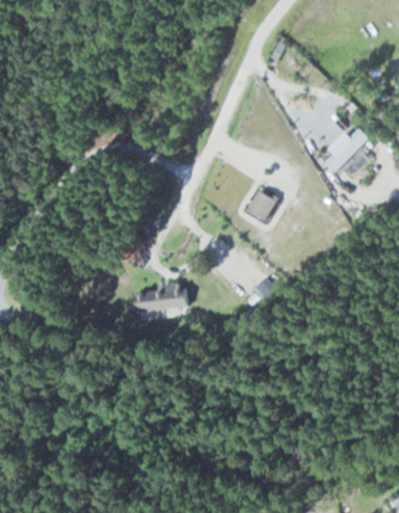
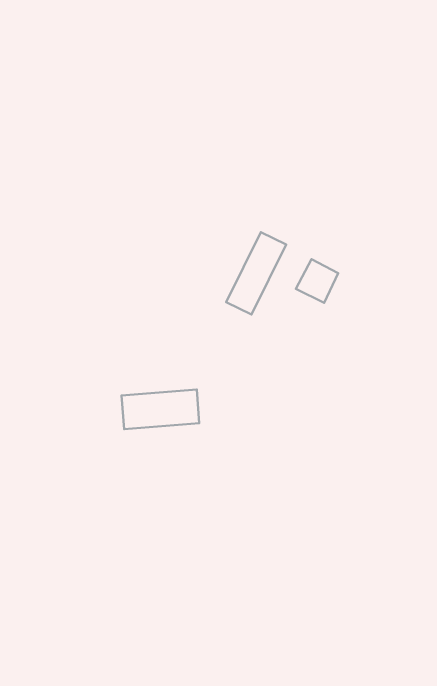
building: none -> [226,232,286,314]

